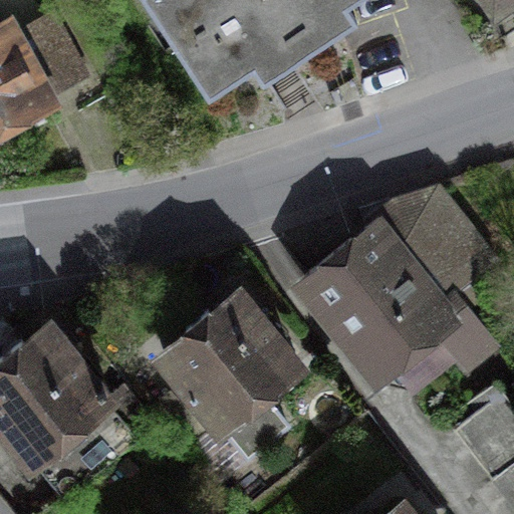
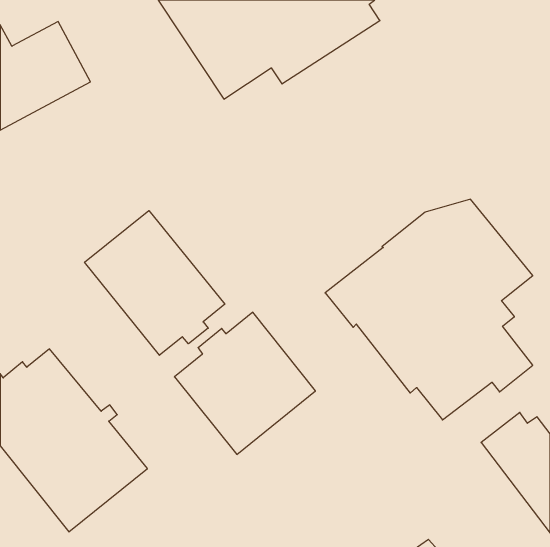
building: none -> [85,211,225,355]

